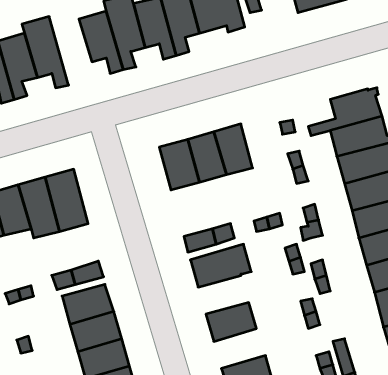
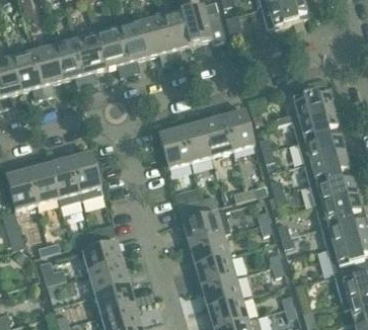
building: none -> [73,26,106,86]
building: none -> [223,110,254,151]
building: none -> [190,235,229,265]
building: none -> [202,276,242,308]

